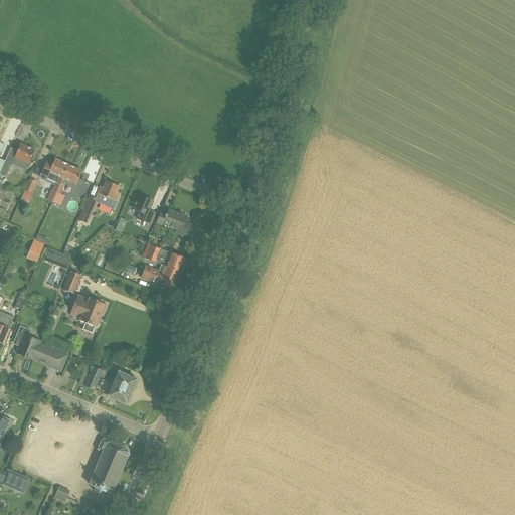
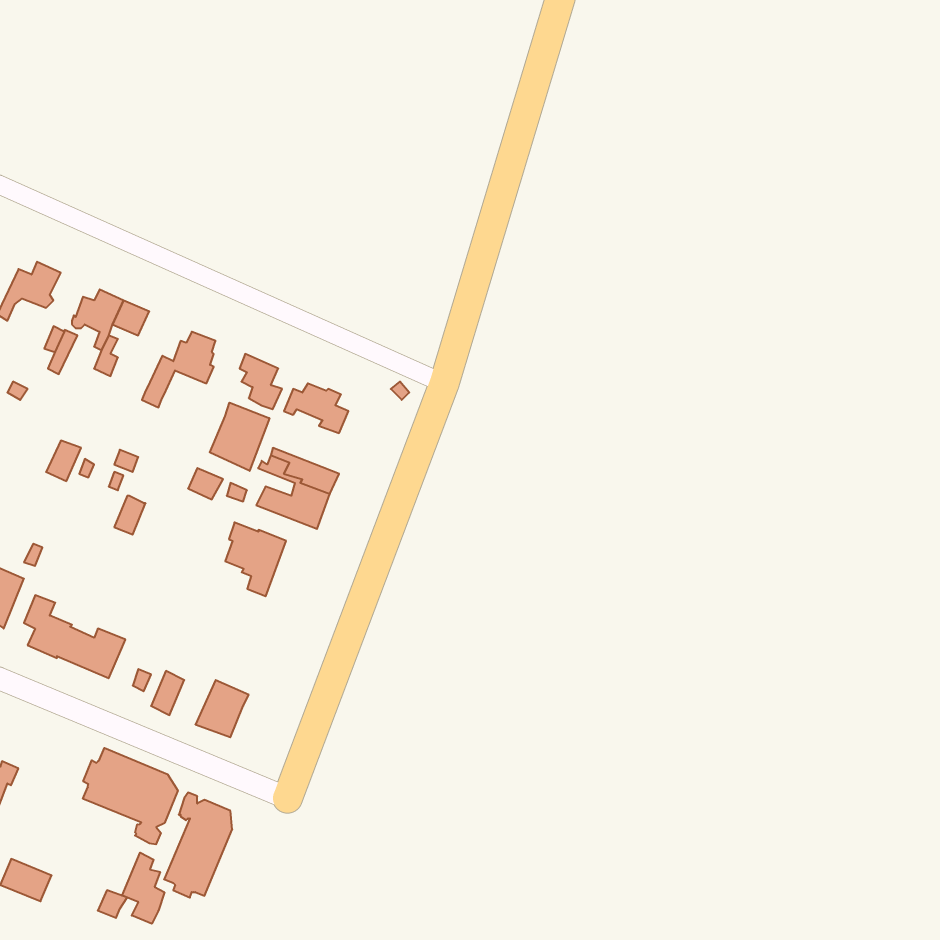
building: none -> [210,403,269,471]
building: [69,293,103,333] -> [225,522,286,596]
building: none -> [83,748,178,844]
building: none -> [122,853,164,924]

